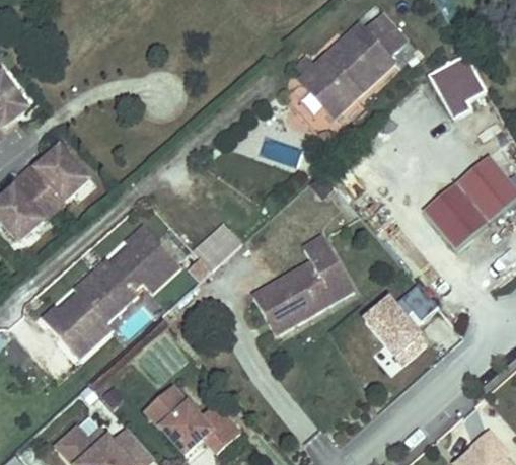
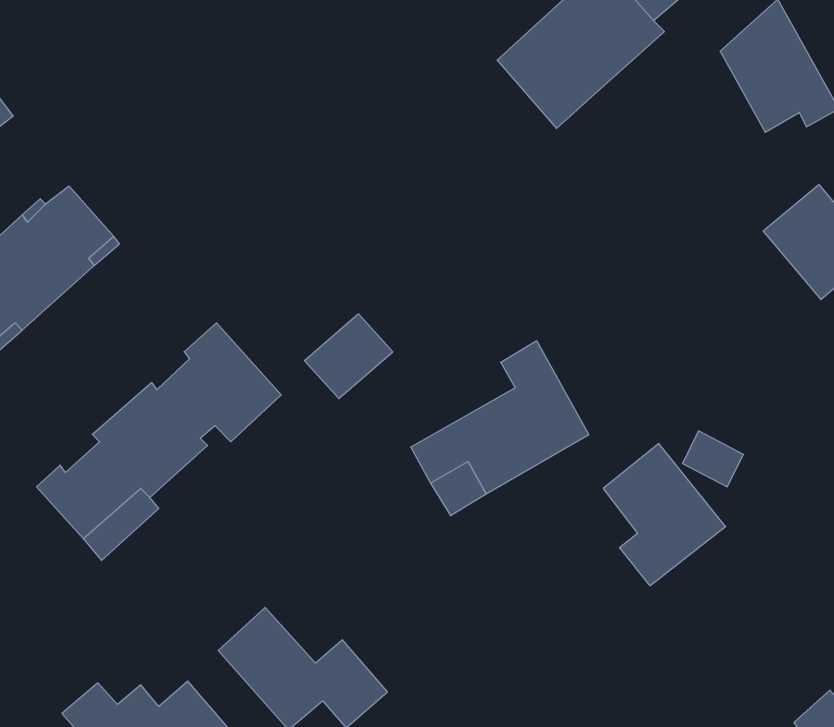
building: [418,175,482,241] -> none

